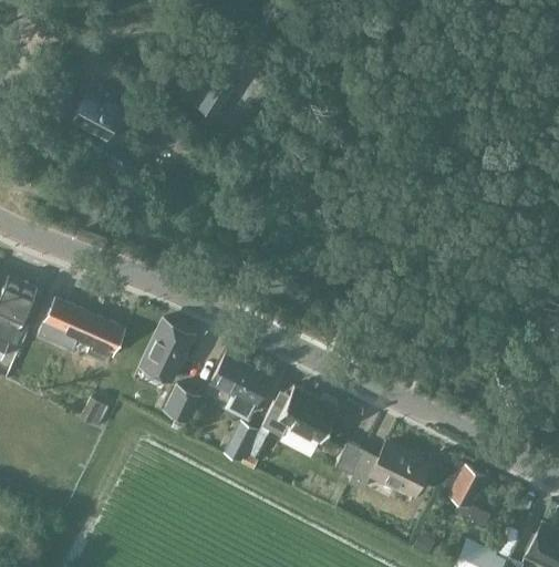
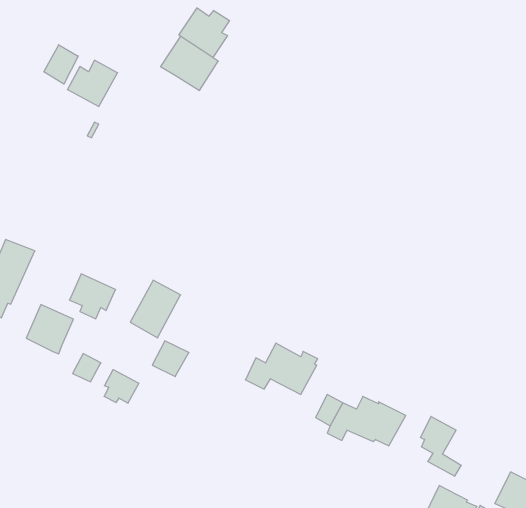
building: none -> [179,8,229,57]
building: none -> [44,45,78,84]
building: [38,299,87,351] -> [26,305,73,354]
building: [210,354,270,416] -> none
building: none -> [104,370,139,403]
building: [224,422,257,462] -> none

